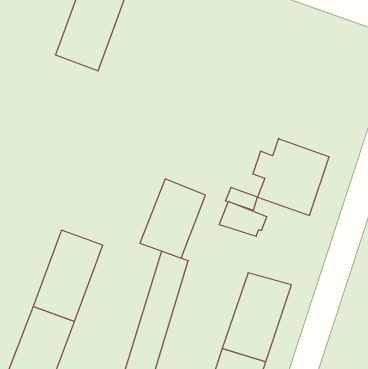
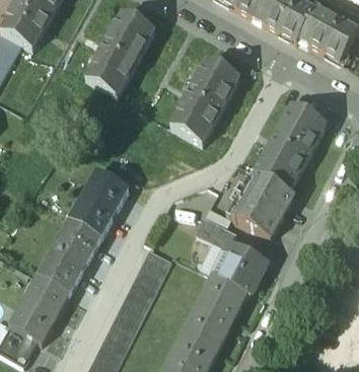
building: none -> [170,58,240,142]
building: none -> [257,105,325,190]
building: [140,179,205,258] -> [69,169,128,235]
building: none -> [214,242,267,293]

